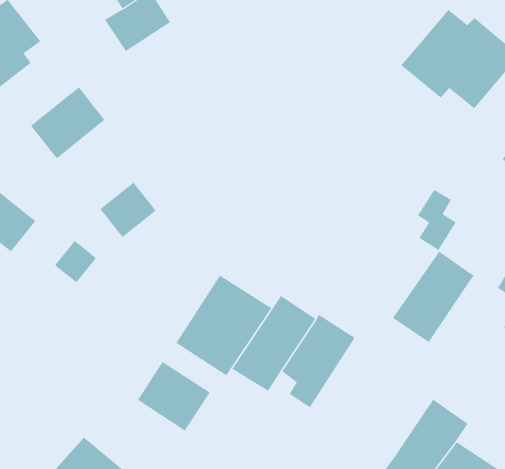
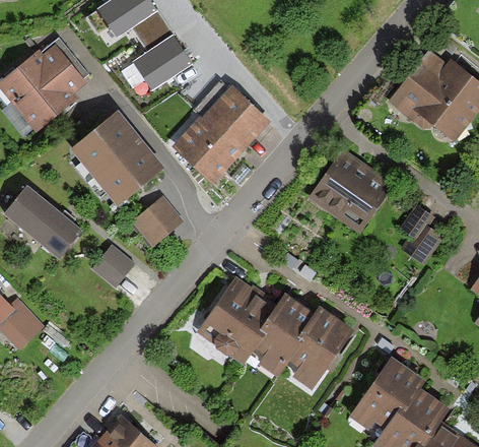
building: none -> [175,88,266,182]
building: none -> [95,145,159,206]
building: none -> [309,149,390,231]
building: [392,251,474,343] -> [351,355,421,433]
building: [137,361,210,431] -> none

